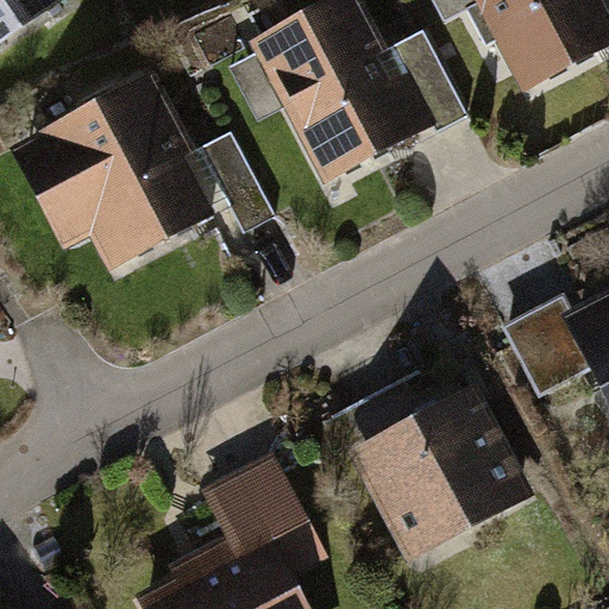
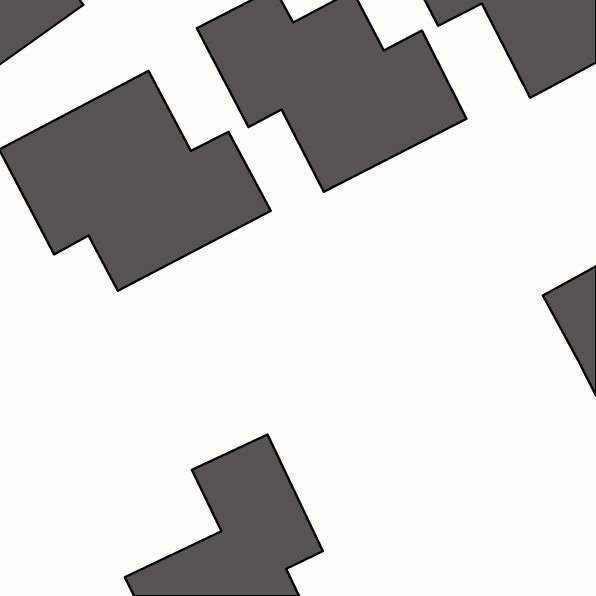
building: [488,284,584,393] -> none
building: [341,373,532,559] -> none

